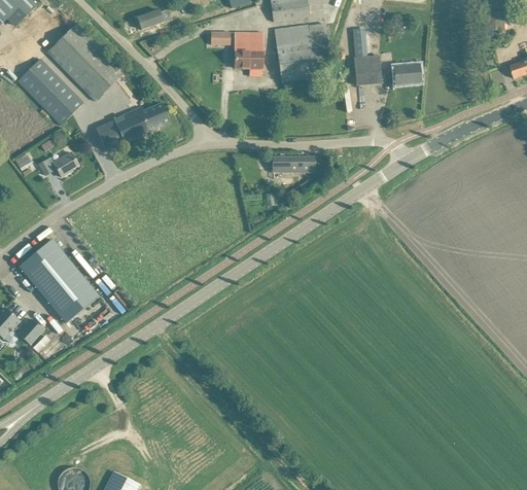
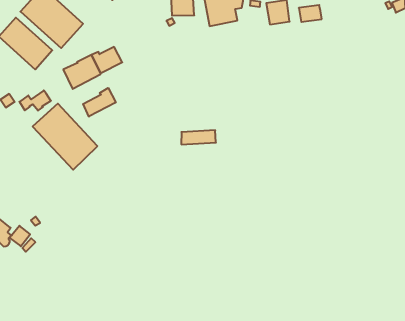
building: none -> [83,88,116,117]
building: [272,156,315,172] -> [181,130,216,144]
building: [19,239,98,322] -> [33,104,97,170]

